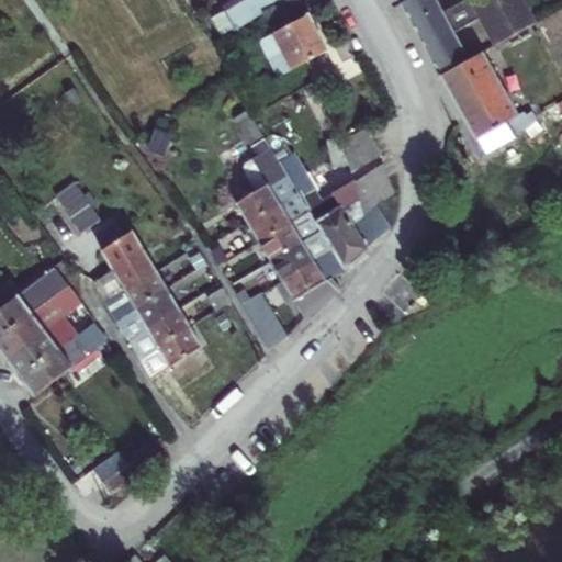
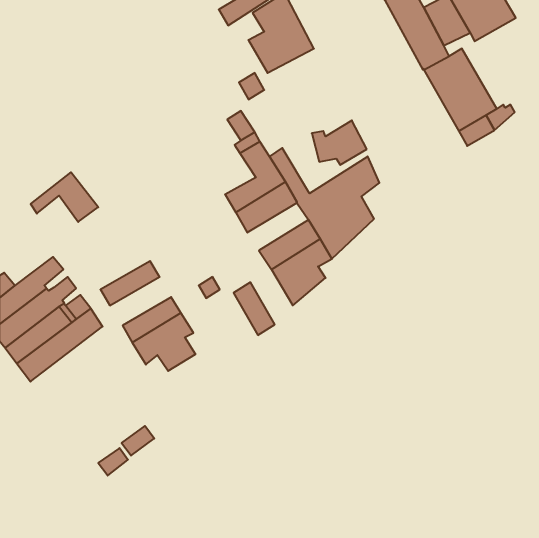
building: [257,211,321,260] -> none
building: [92,231,156,301] -> none
building: [114,288,178,338] -> none

